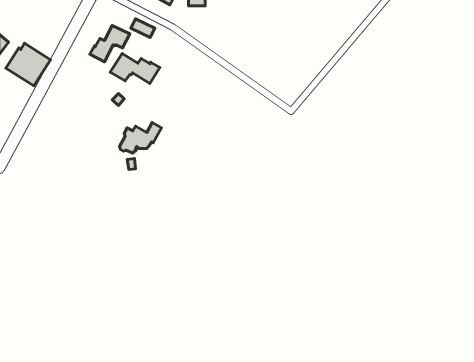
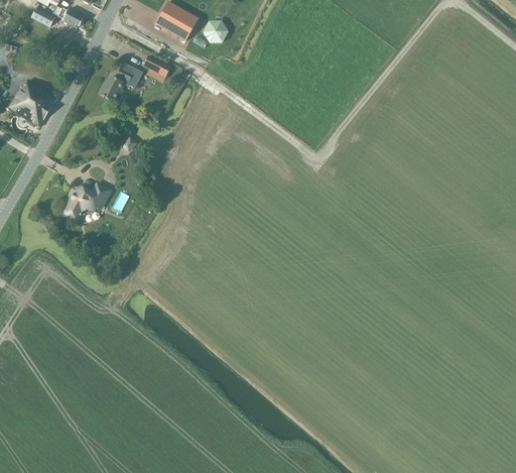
building: [110,54,160,83] -> none
building: [120,122,162,153] -> [66,184,111,217]

